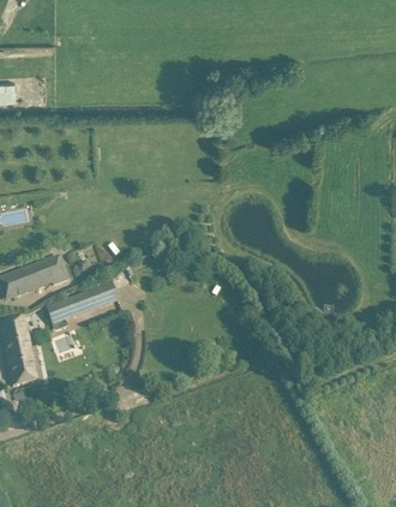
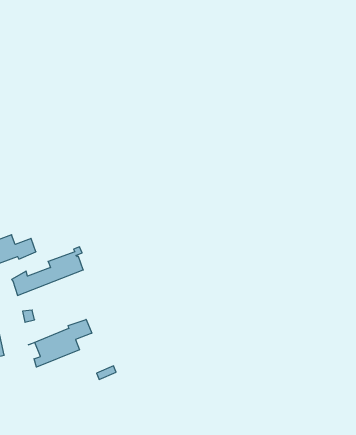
building: none -> [28,319,92,367]

